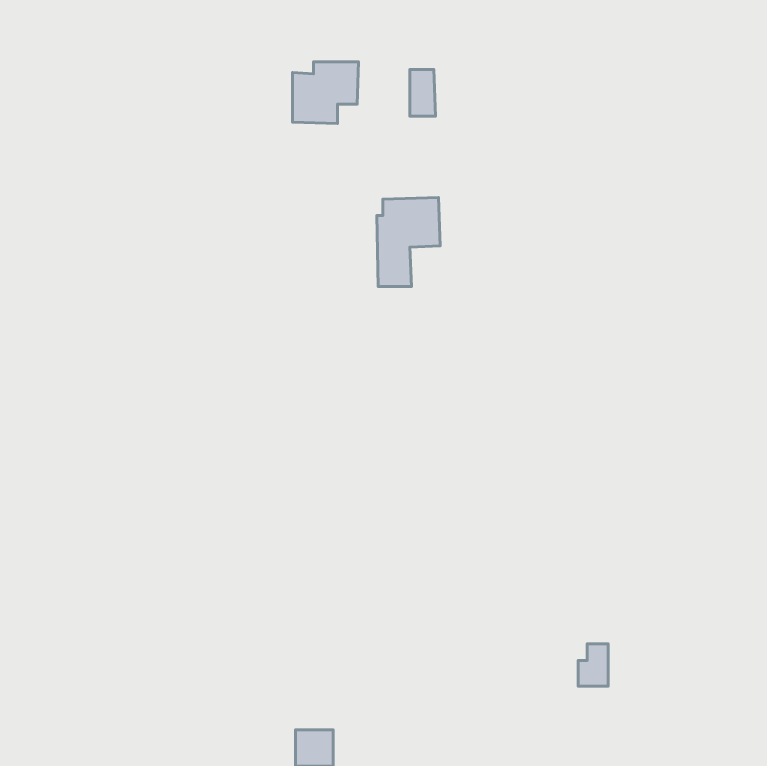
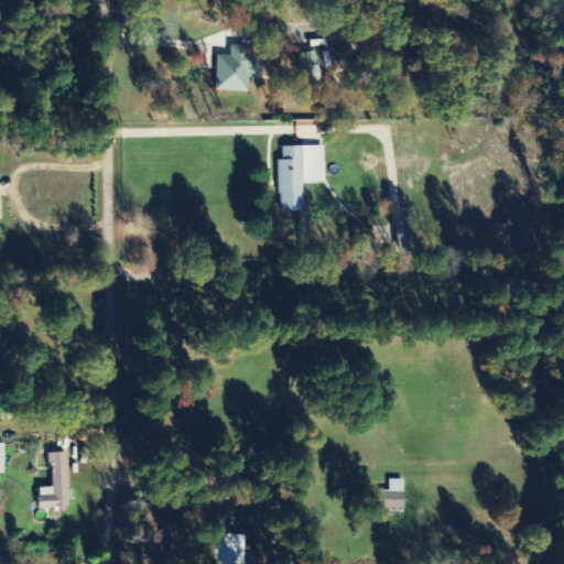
building: none -> [37,451,70,507]
building: [578,644,608,686] -> [381,478,403,509]

